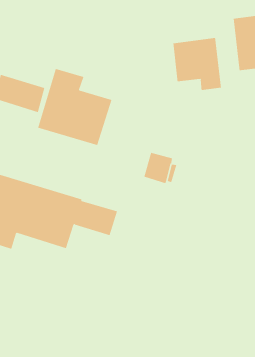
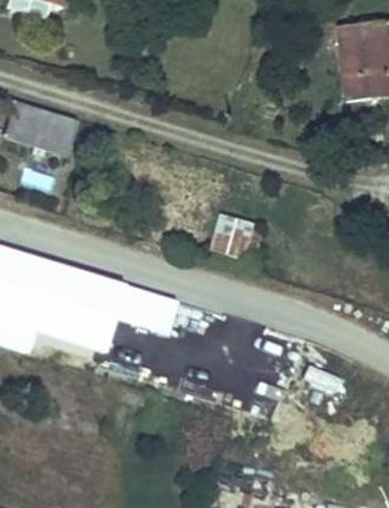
building: [173,37,222,91] -> none
building: [37,68,112,146] -> none

